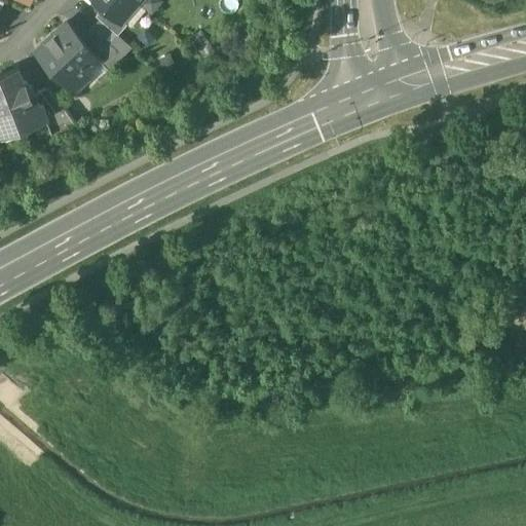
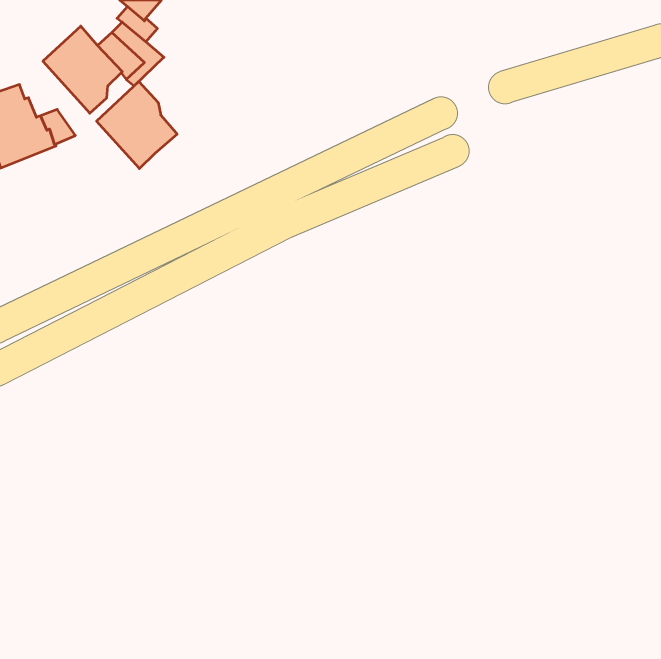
building: none -> [97,81,177,169]

